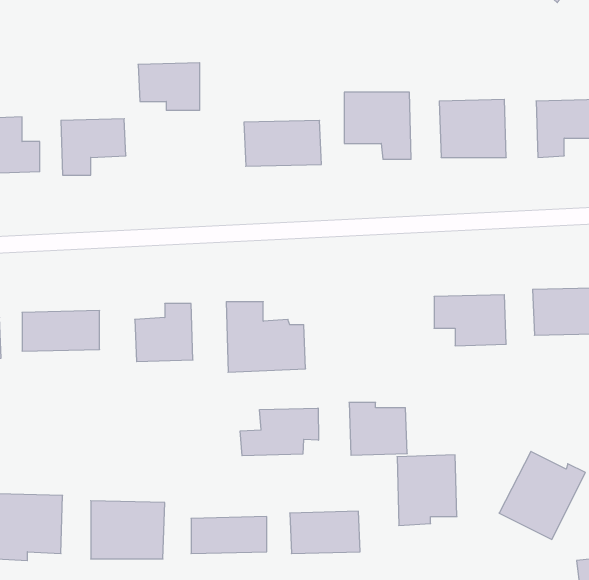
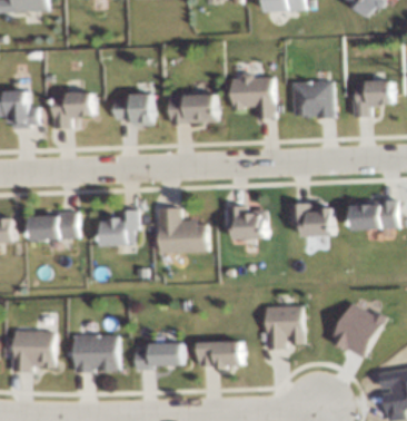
building: [138,63,200,110] -> [113,95,152,125]
building: [349,402,407,455] -> [229,206,266,239]
building: [240,408,318,456] -> none

